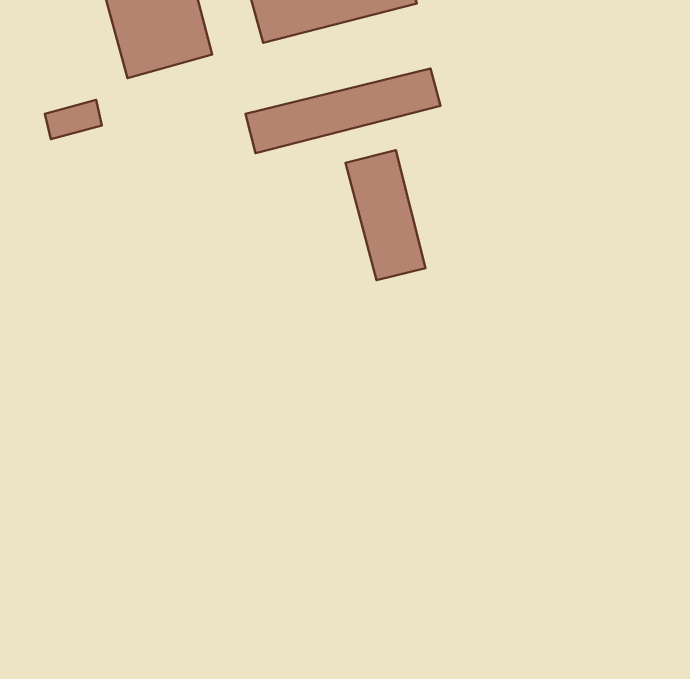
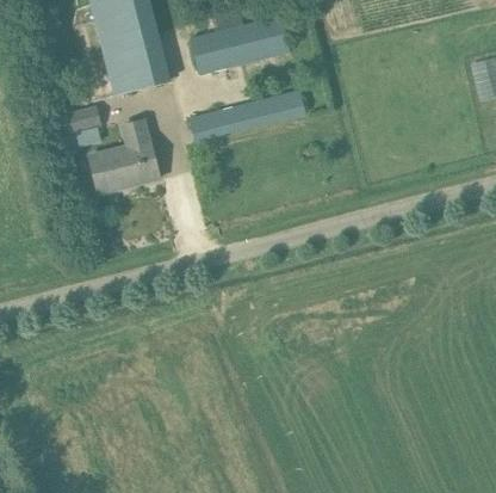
building: none -> [88,121,159,193]
building: [345,150,425,280] -> none

